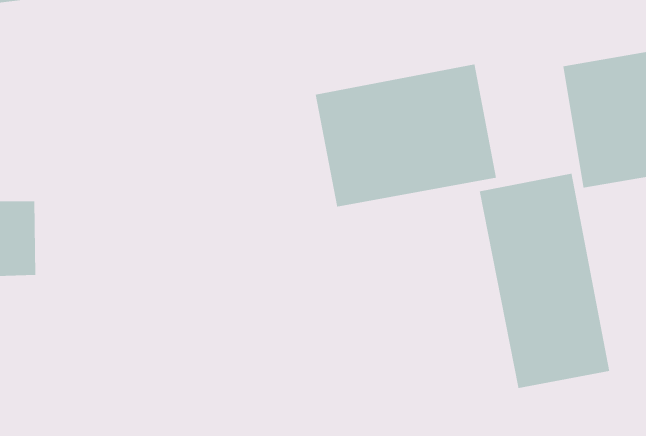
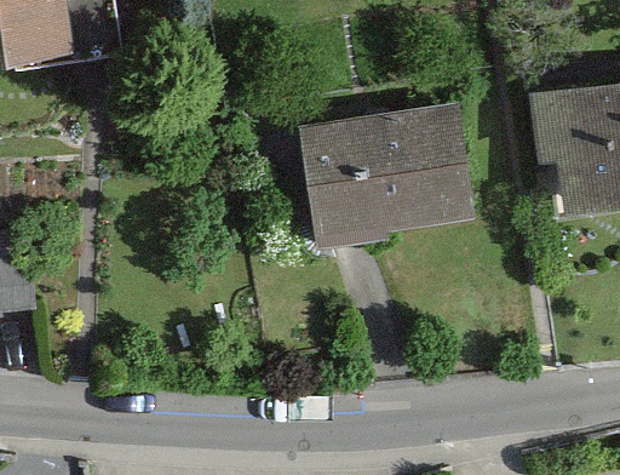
building: [479,173,610,389] -> none

